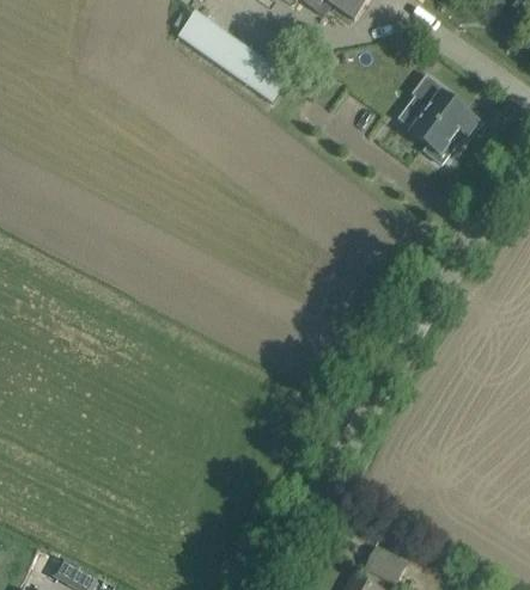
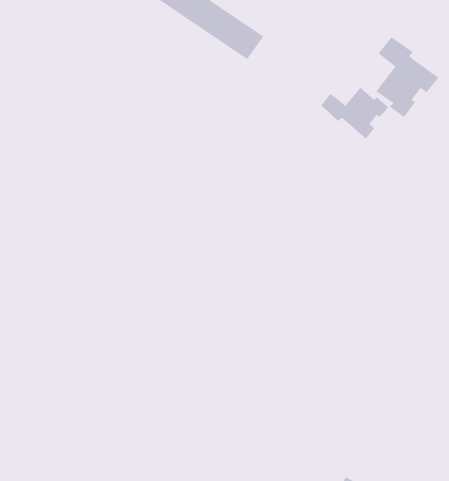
building: none -> [320,87,389,140]

